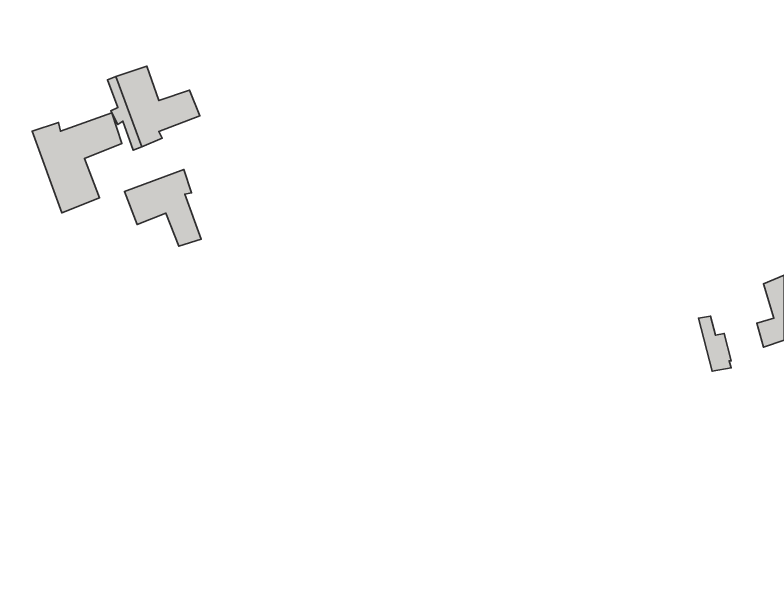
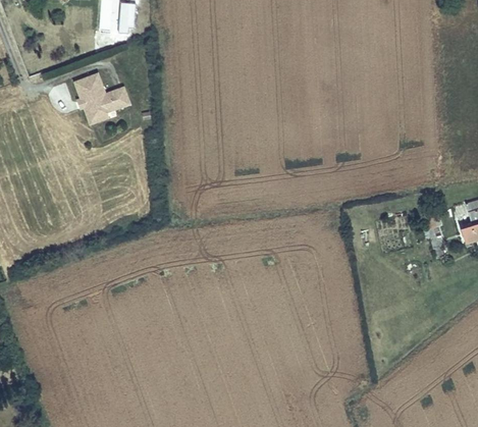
building: [32,113,122,213] -> none
building: [124,170,201,246] -> none

